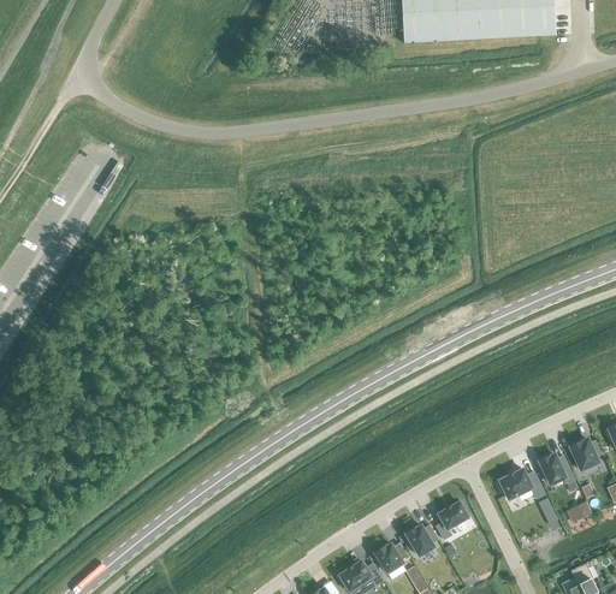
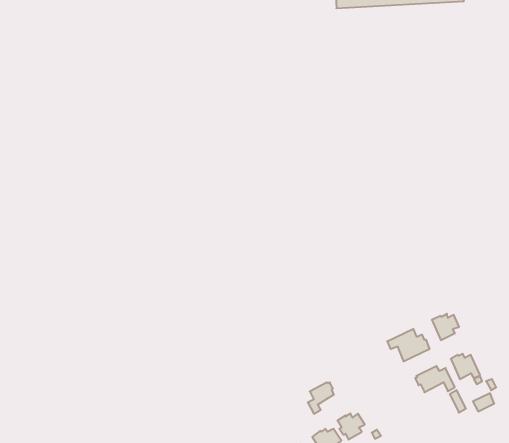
building: none -> [387,329,429,361]
building: [569,439,602,470] -> [432,314,459,340]
building: [436,503,467,540] -> [308,382,334,414]

